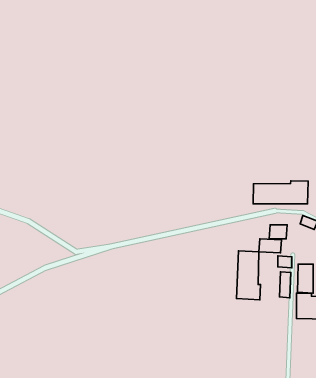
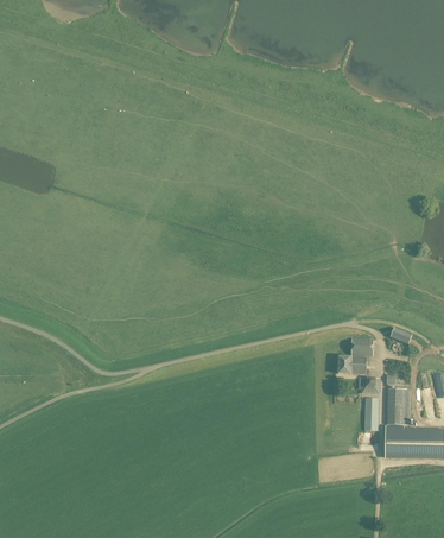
building: [253,181,308,204] -> none
building: [237,251,261,300] -> none

